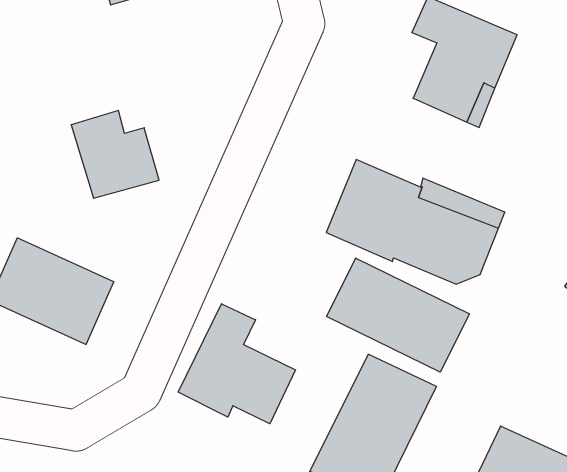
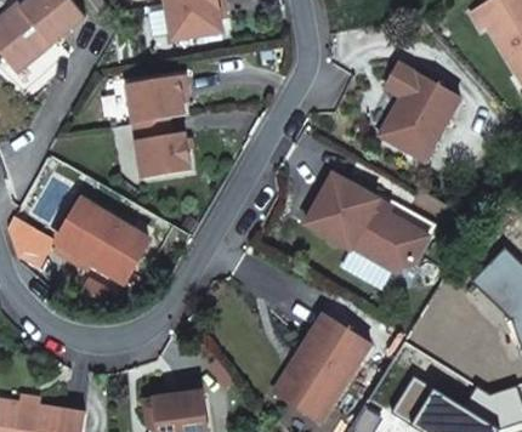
building: none -> [125,74,188,123]
building: [327,258,469,372] -> none
building: [178,304,295,424] -> none

